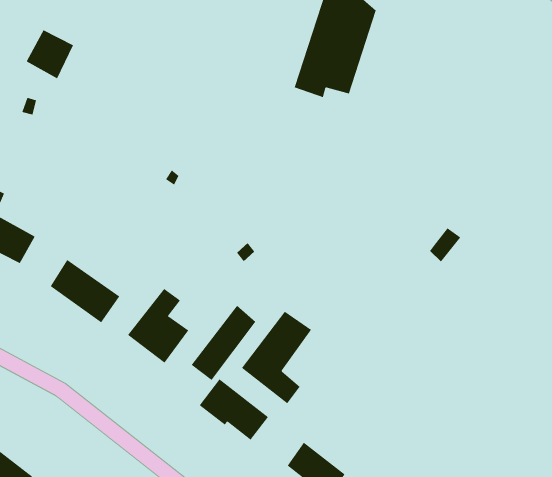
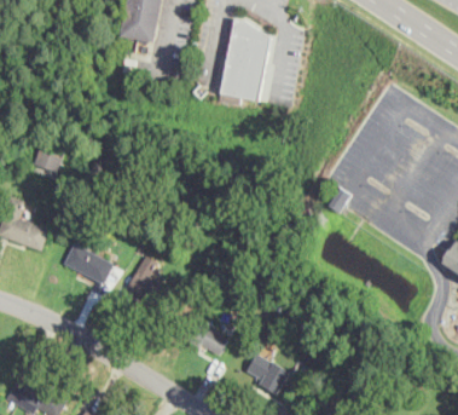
building: [26,30,74,79] -> [33,142,65,175]
building: [191,305,256,381] -> none
building: [241,311,312,404] -> none

